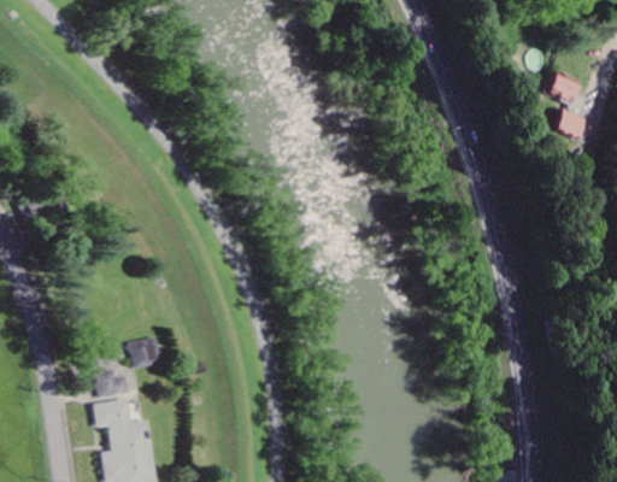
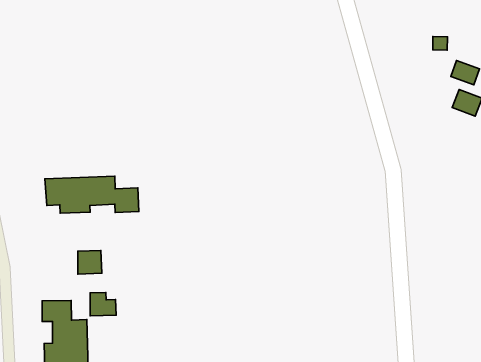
building: none -> [45,176,139,213]
building: [96,368,129,396] -> [90,292,116,316]

